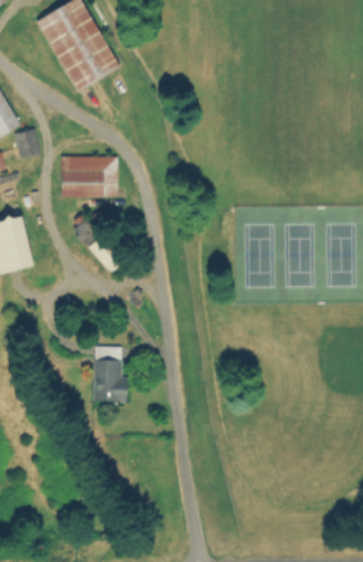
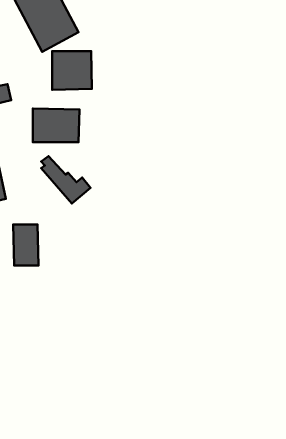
building: none -> [52,51,92,90]
building: [85,352,115,401] -> [13,224,38,265]

